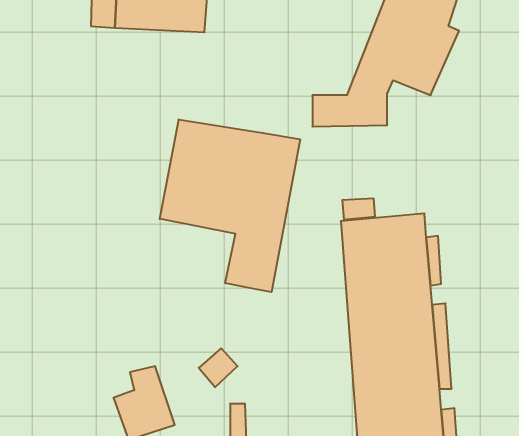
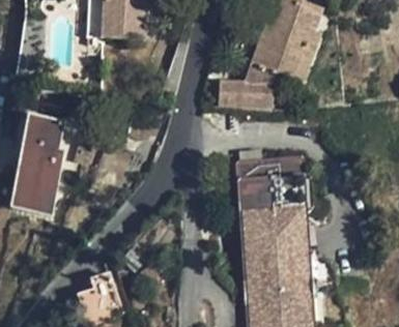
building: [160,119,300,292] -> none
building: none -> [12,119,60,211]

